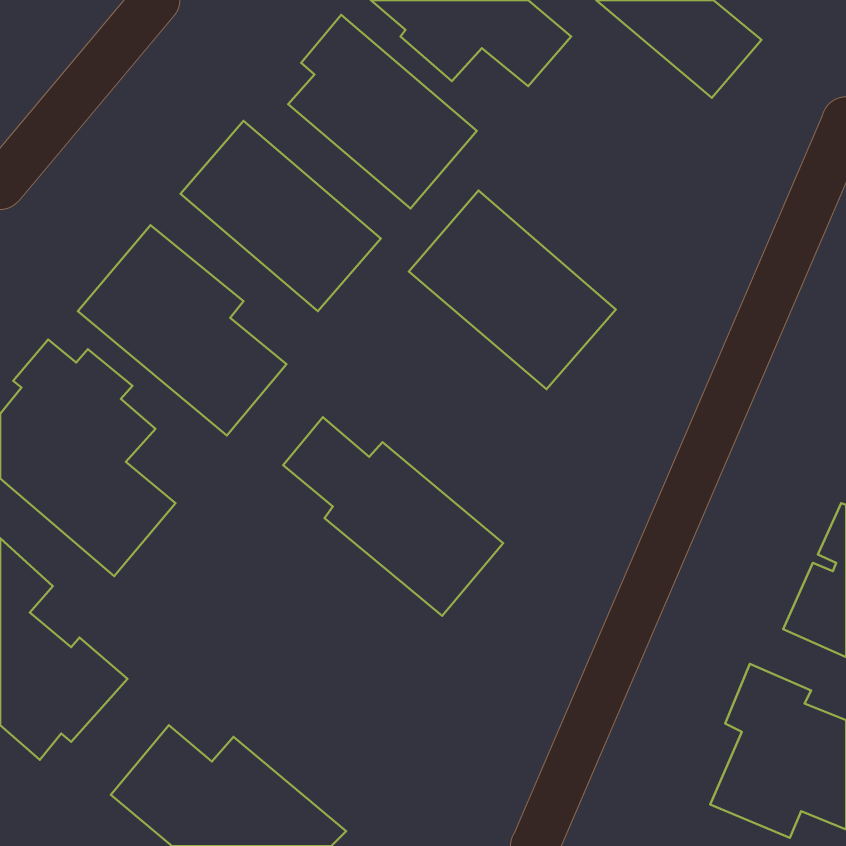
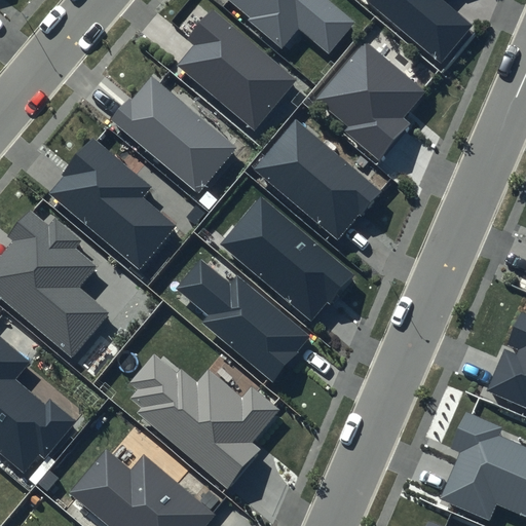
building: none -> [315,41,423,161]
building: none -> [220,196,352,323]
building: none -> [130,354,277,489]

